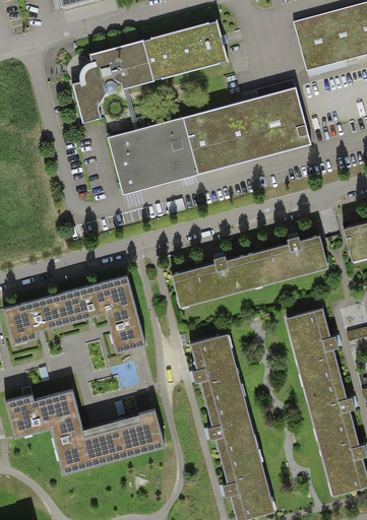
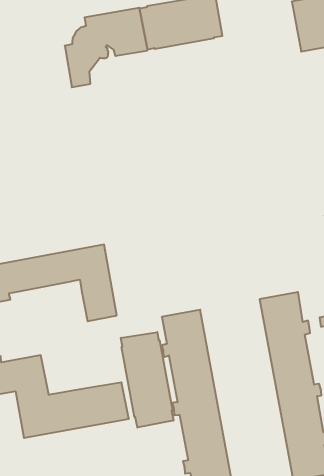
building: [109,86,312,194] -> none
building: [172,236,327,307] -> none
building: none -> [121,332,173,428]

